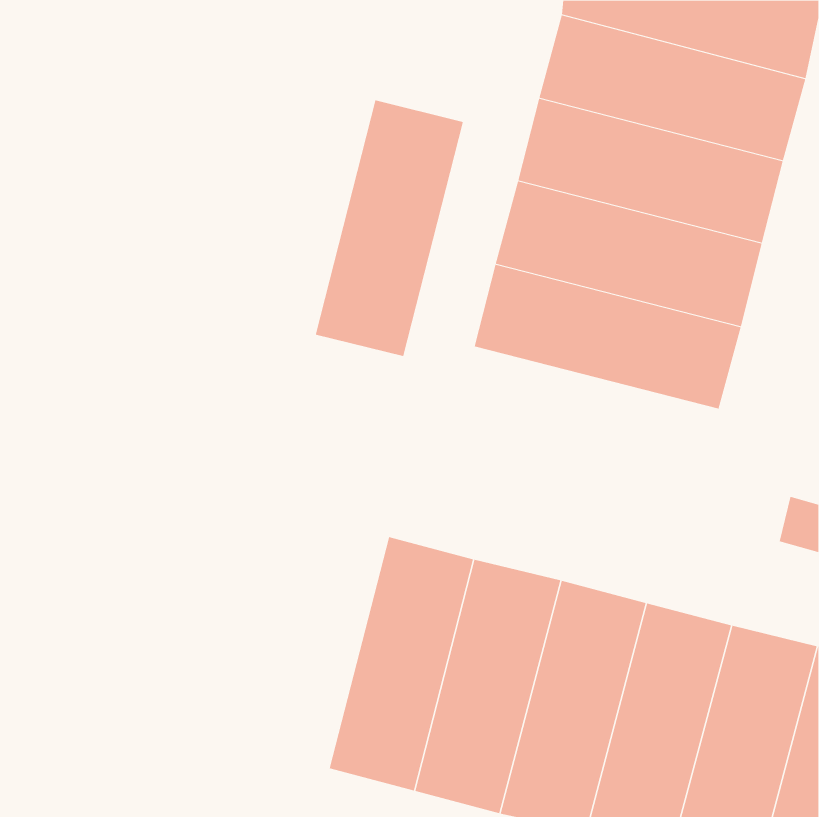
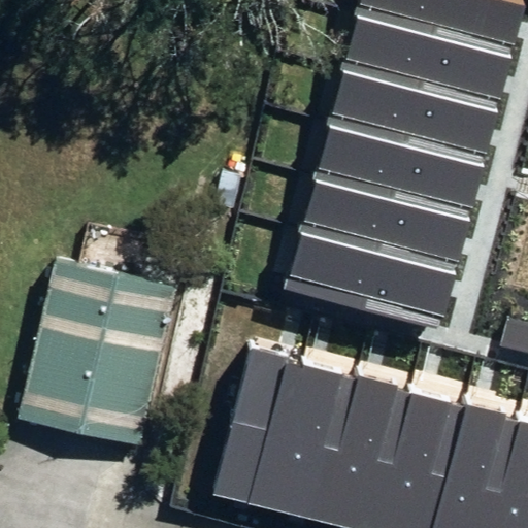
building: [315,100,463,357] -> none
building: none -> [290,226,460,320]
building: none -> [15,256,180,444]

